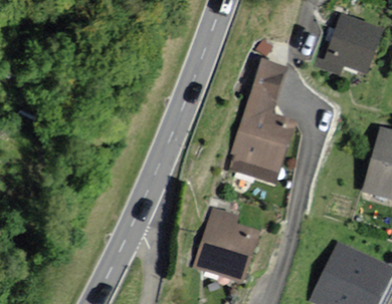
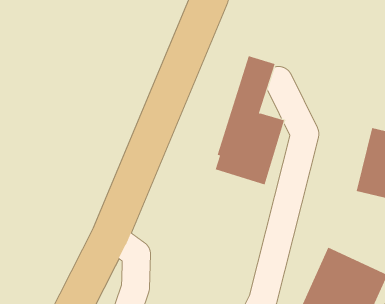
building: [321,14,383,75] -> none
building: [191,207,258,281] -> none

